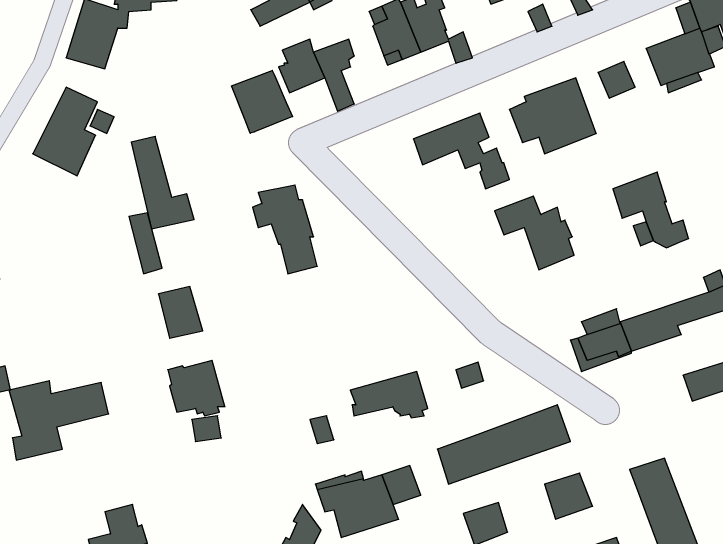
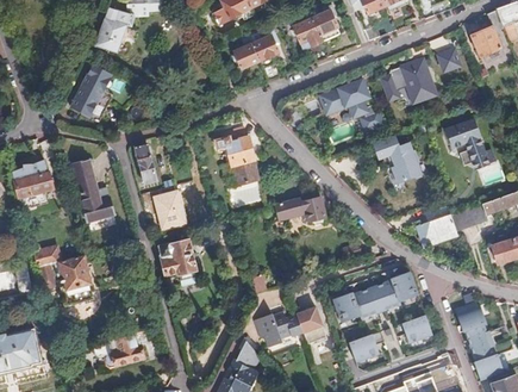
building: [231,70,293,133] -> none
building: [131,136,194,229] -> [71,157,112,217]
building: [350,372,428,418] -> [273,194,323,224]

